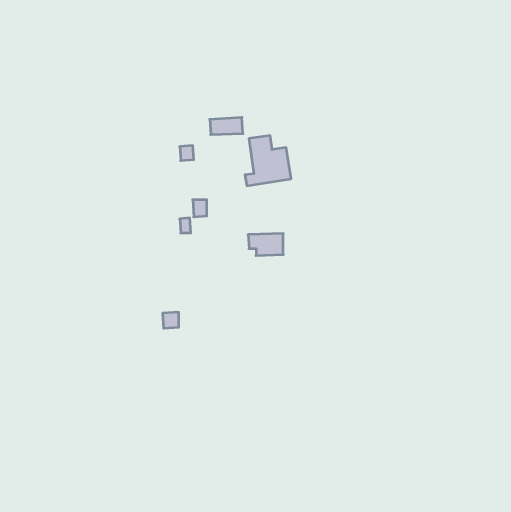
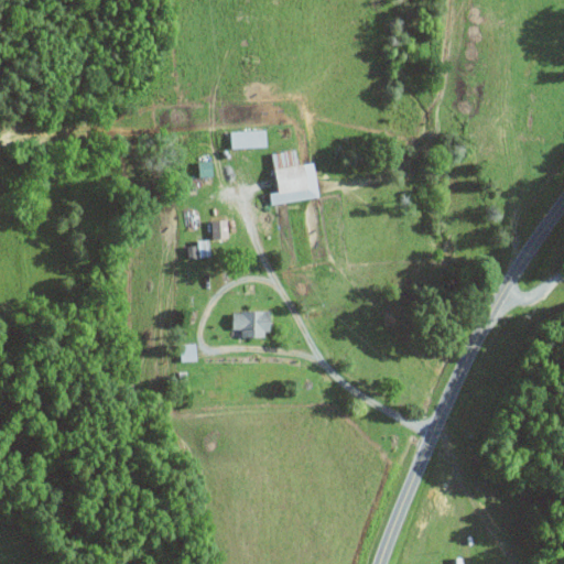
building: [248,234,283,256] -> [232,312,271,336]

